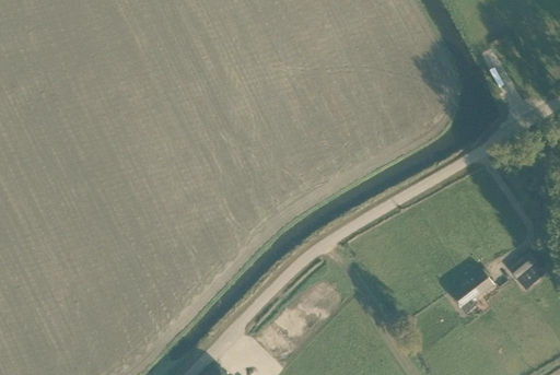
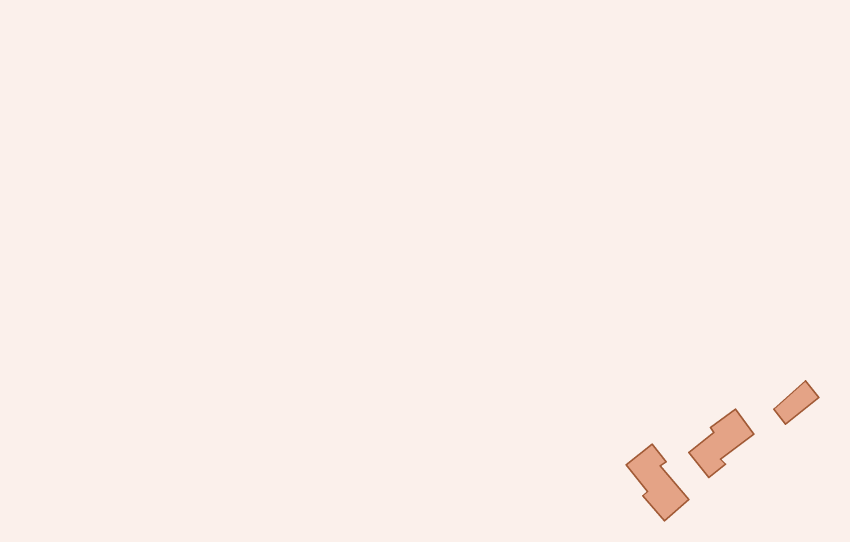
building: none -> [626,444,689,521]

